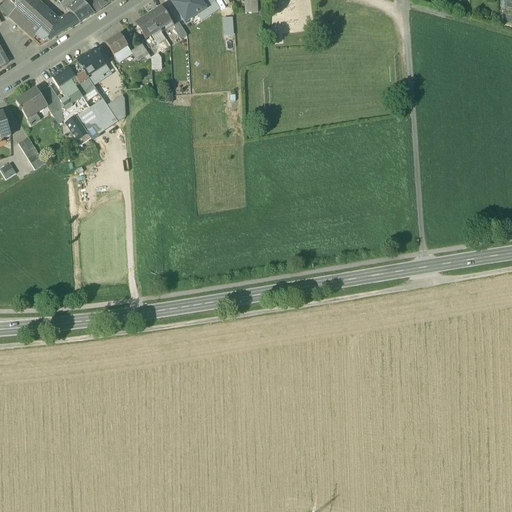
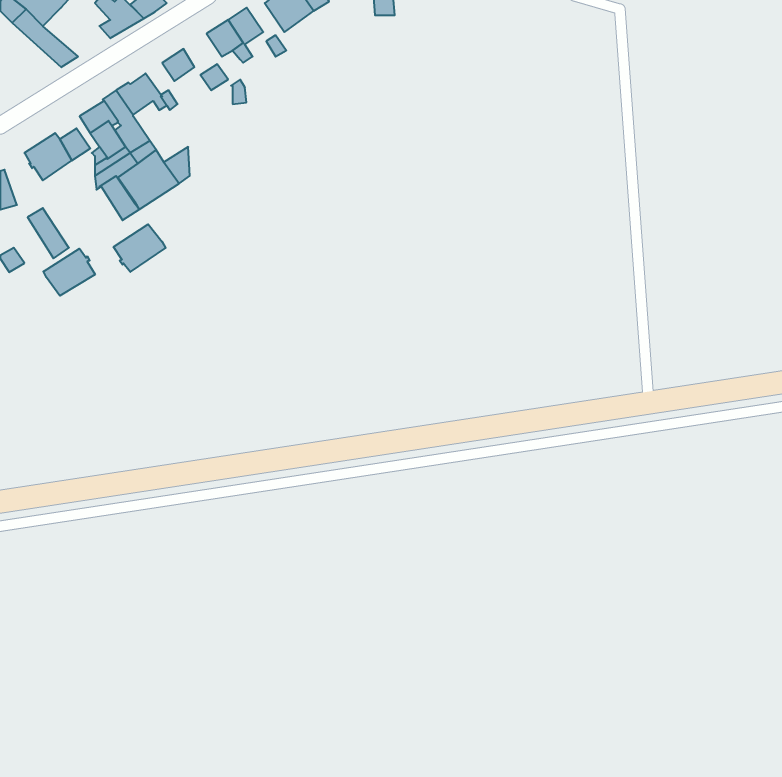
building: [28,5,72,37] -> none
building: none -> [114,224,166,272]
building: none -> [43,249,95,296]

